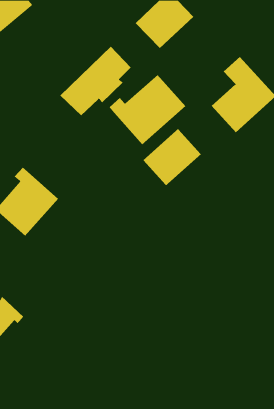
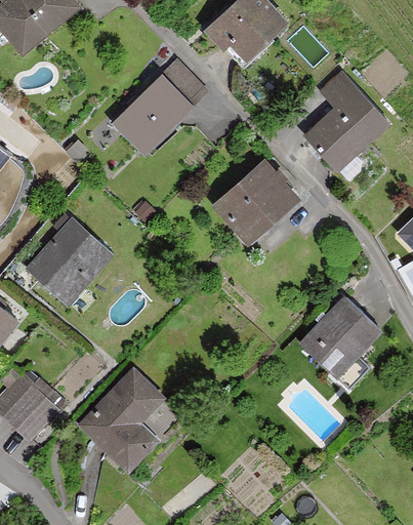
building: [109,74,186,145] -> none
building: none -> [300,296,379,389]
building: none -> [81,370,182,469]

